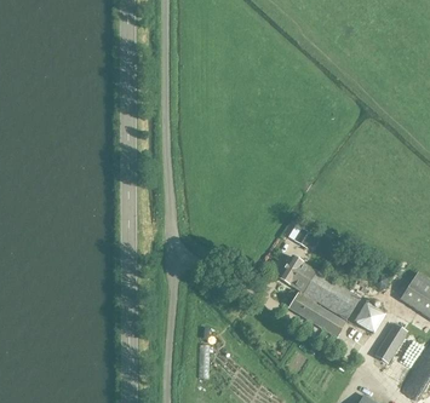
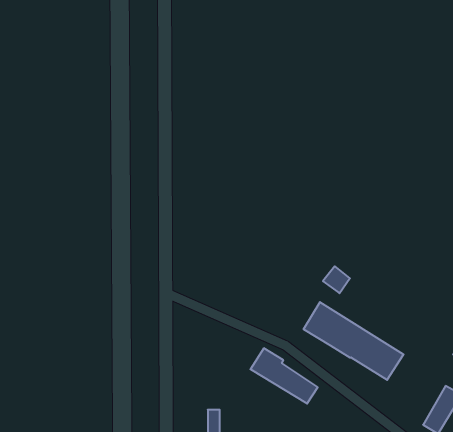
building: [288,292,343,336] -> [250,348,318,404]
building: [354,300,385,332] -> none

